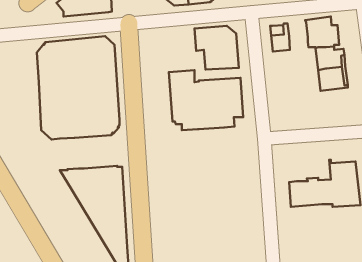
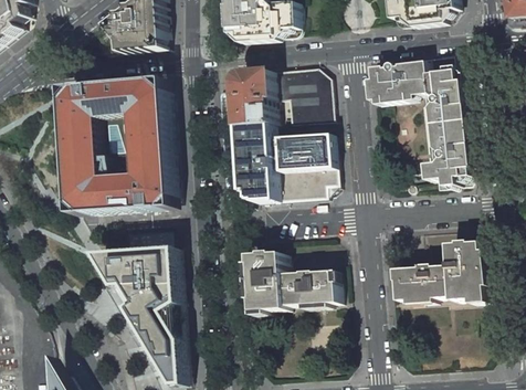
building: none -> [388,59,415,97]
building: none -> [232,70,272,126]
building: none -> [420,146,470,188]
building: none -> [245,252,334,310]

